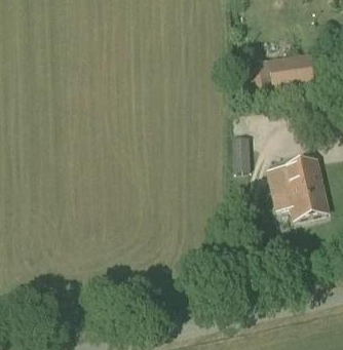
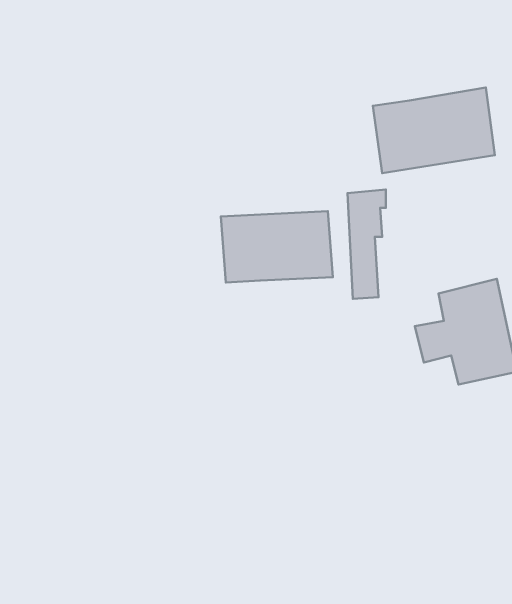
building: none -> [221,211,333,283]

